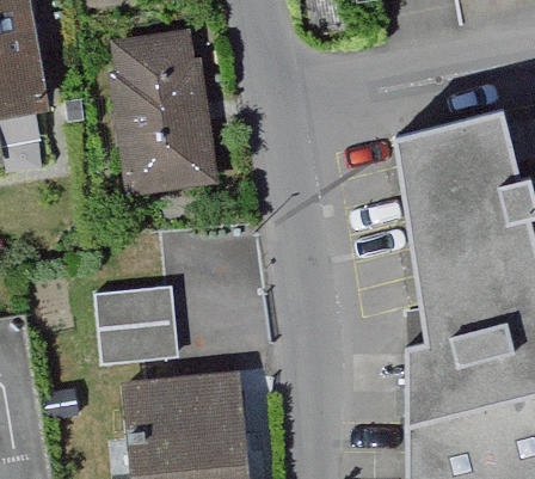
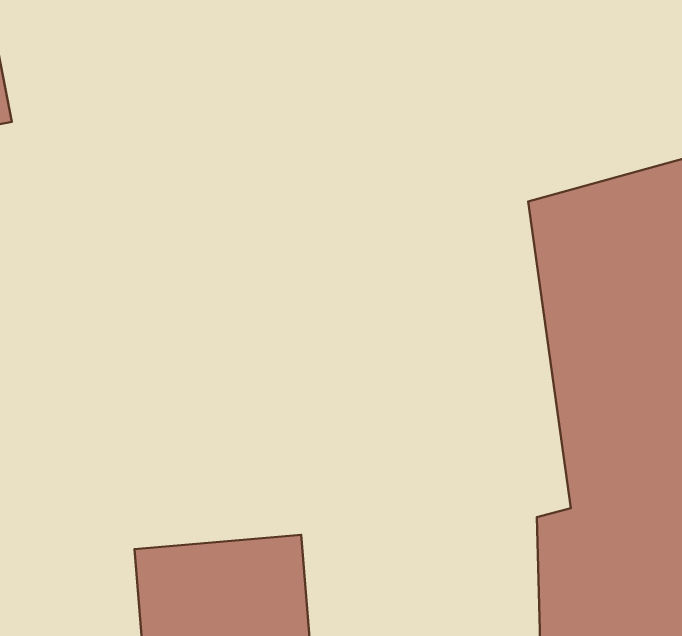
building: [99,32,219,205] -> none
building: [106,280,189,358] -> none

